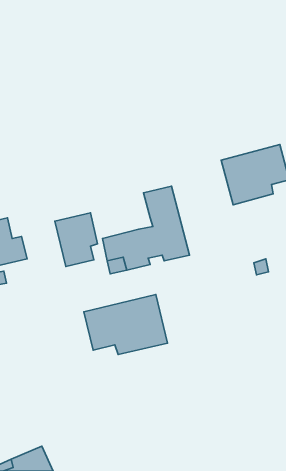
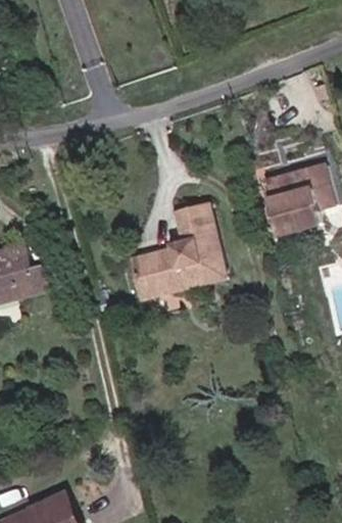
building: [55,213,98,267] -> none
building: [84,294,168,355] -> none

